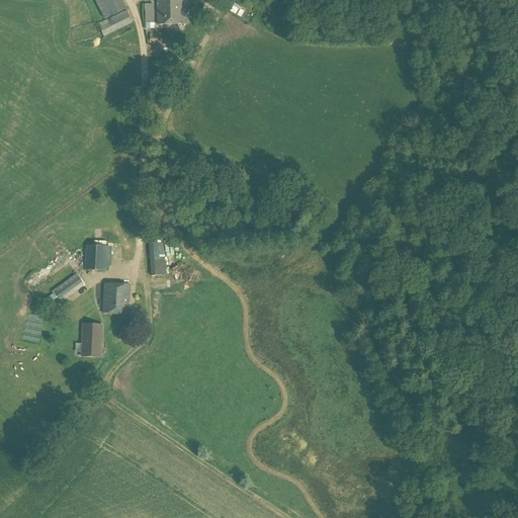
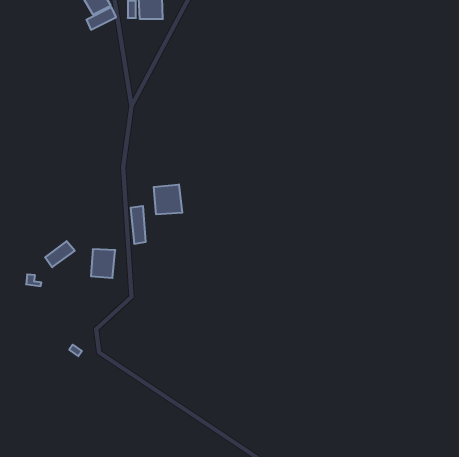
building: none -> [154,184,182,214]
building: [84,243,110,269] -> none
building: [81,322,101,354] -> none

